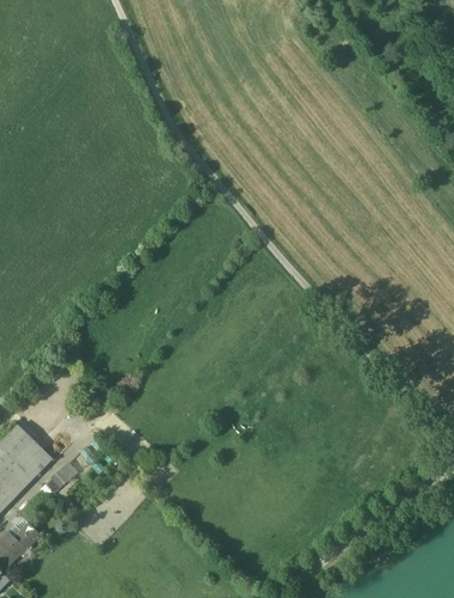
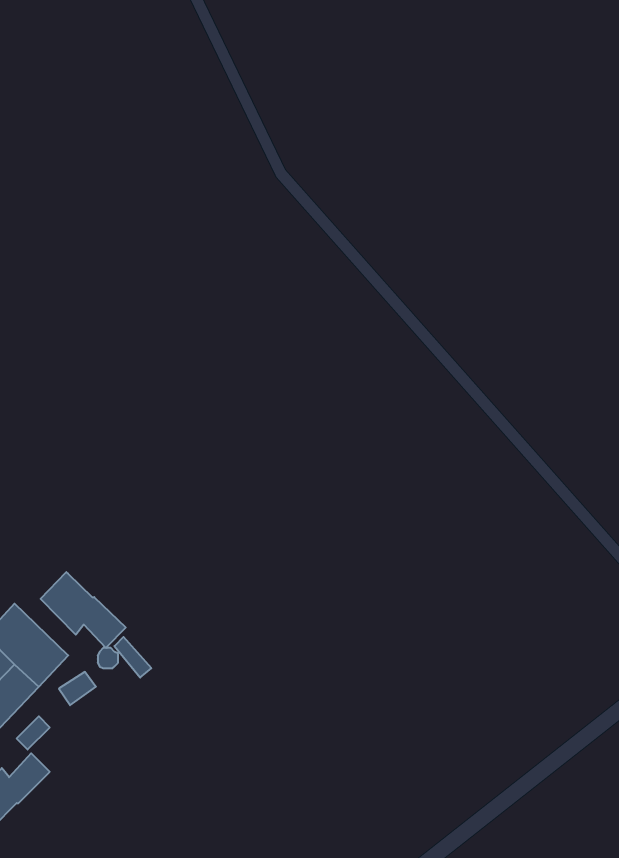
building: none -> [41,572,126,648]

